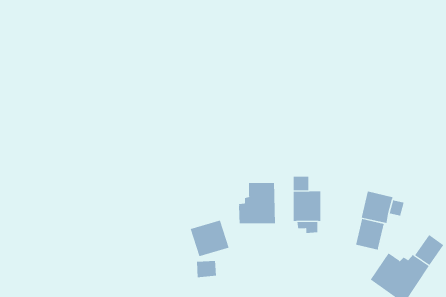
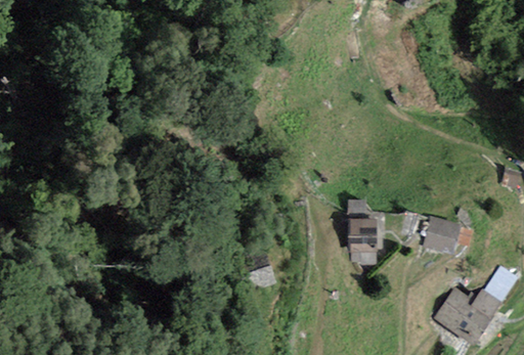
building: [239,182,275,224] -> none
building: [355,218,384,251] -> none

